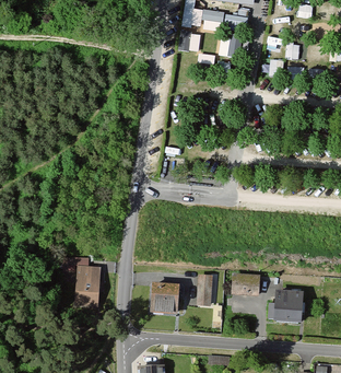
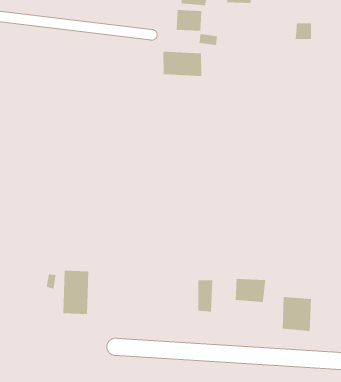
building: none -> [163,51,202,77]
building: [151,282,179,314] -> none

